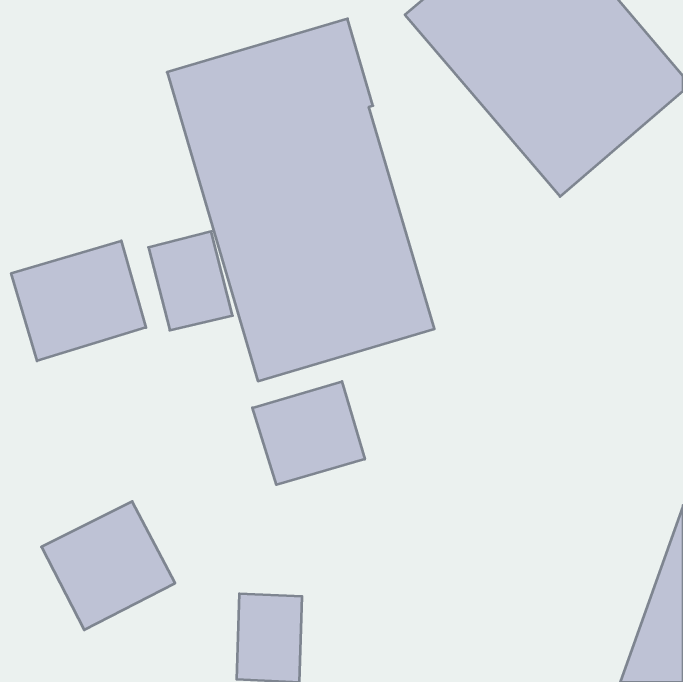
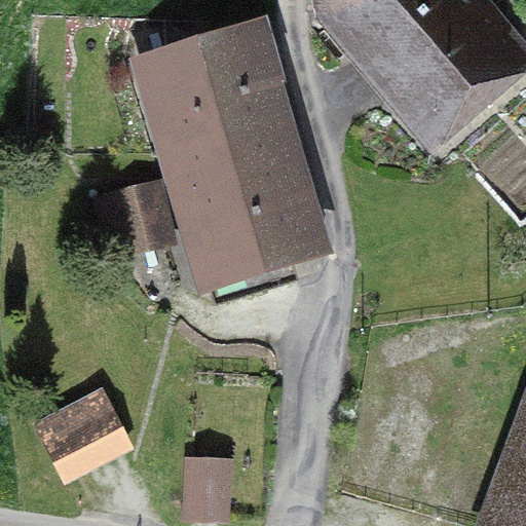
building: [11,241,146,361] -> none
building: [252,381,365,485] -> none

